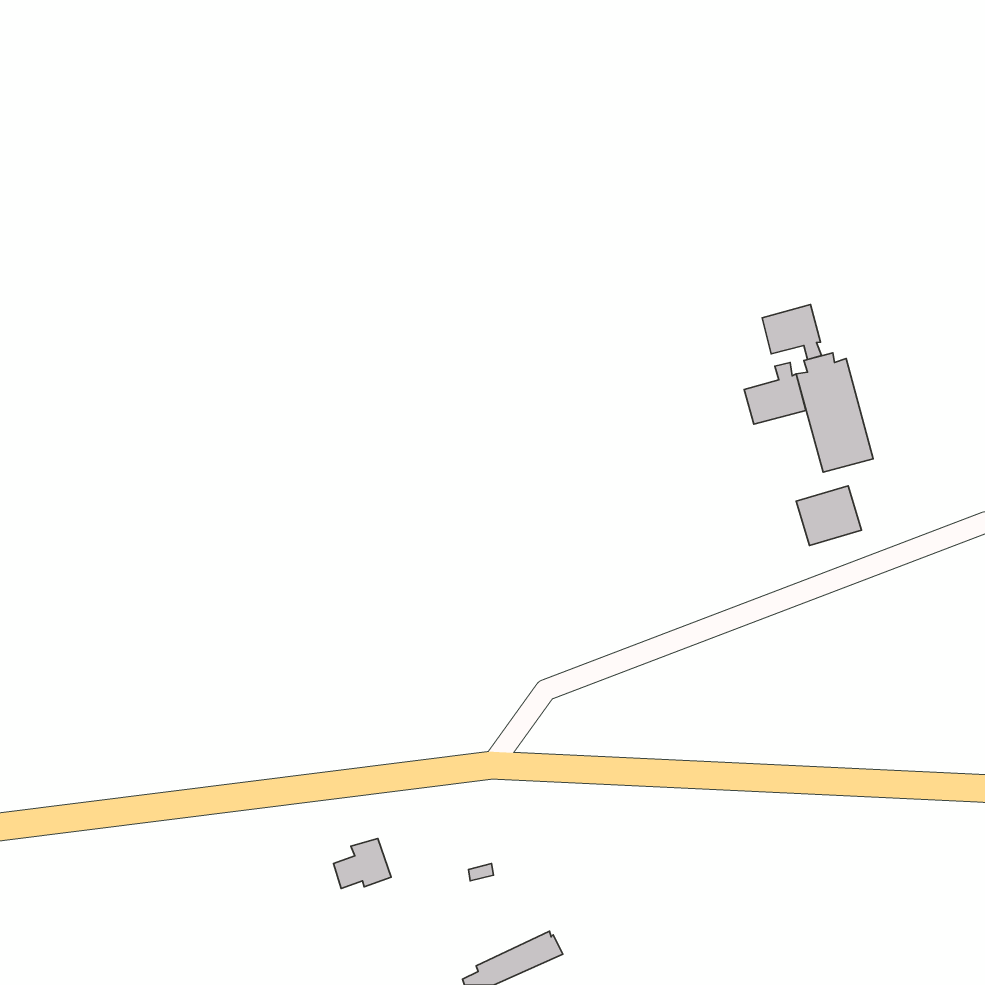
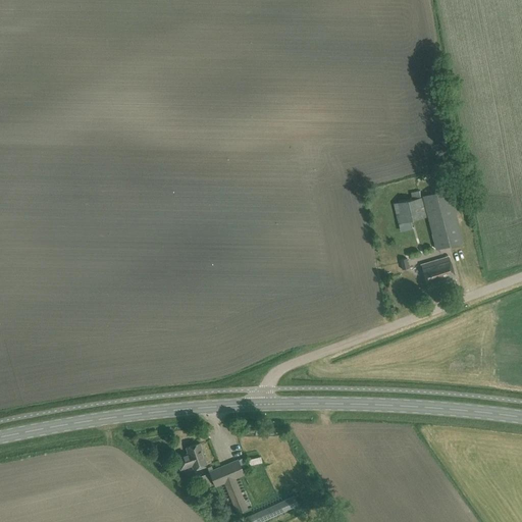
building: [762,305,822,360] -> none
building: none -> [209,459,250,515]

